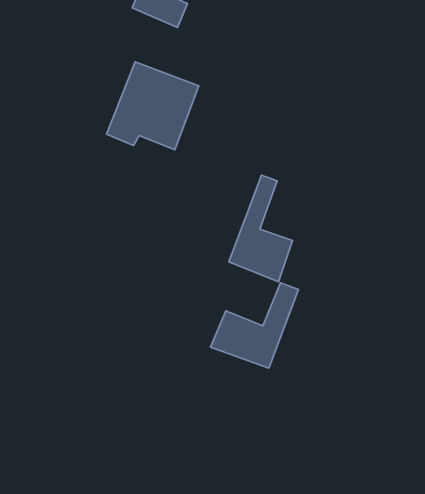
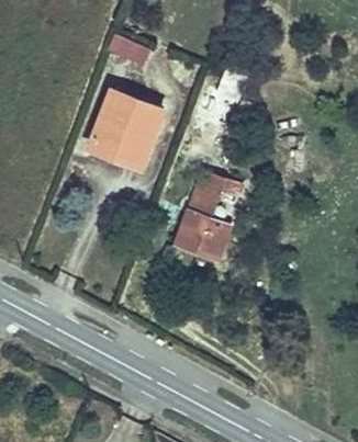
building: [211,283,298,368] -> none

